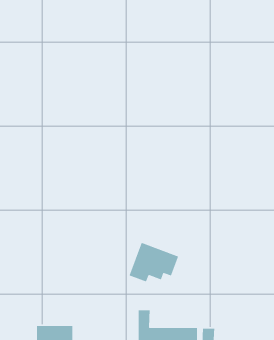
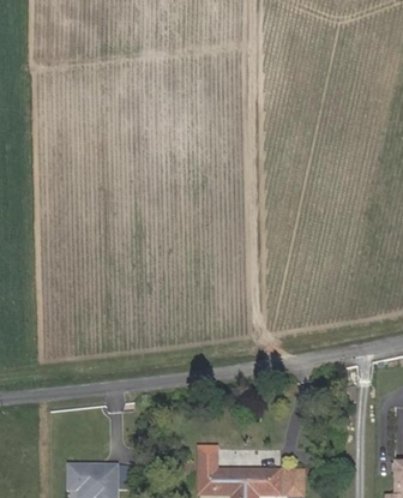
building: [128,242,179,283] -> none

